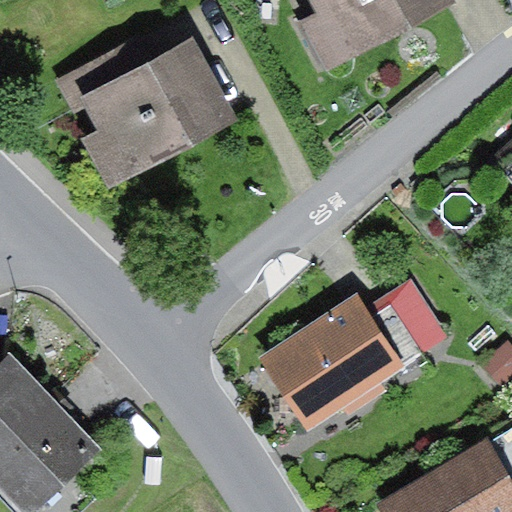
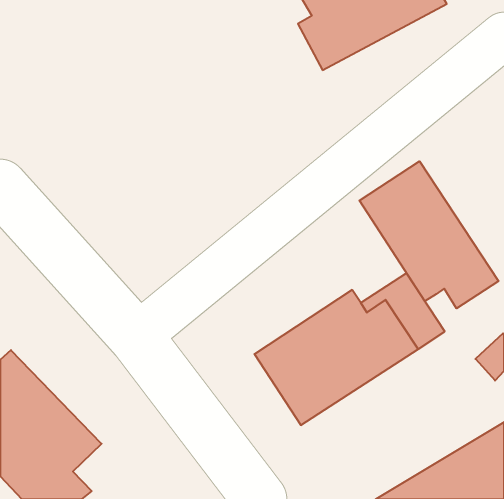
building: [55,32,230,186] -> none
building: none -> [359,161,498,308]

